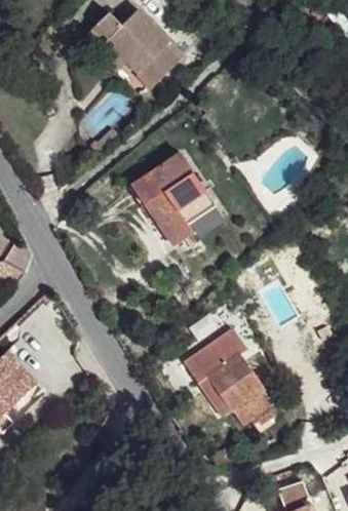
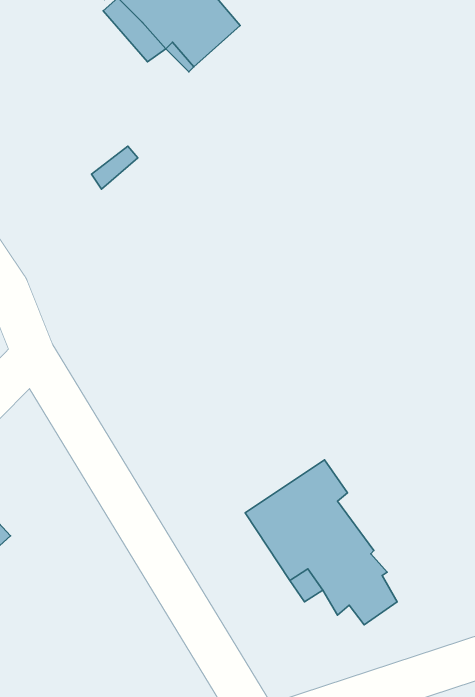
building: [138,155,215,244] -> none

